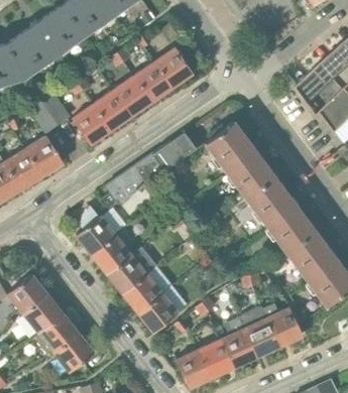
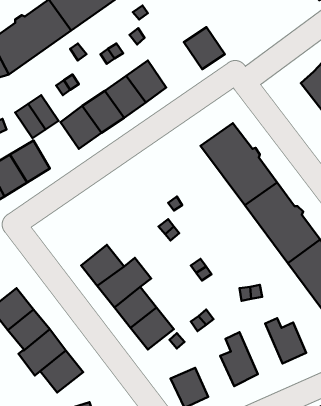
building: [154,48,193,88] -> [184,27,225,69]
building: [101,131,197,211] -> none
building: [77,205,116,254] -> none
building: [240,306,280,356] -> none
building: [199,339,235,377] -> none

